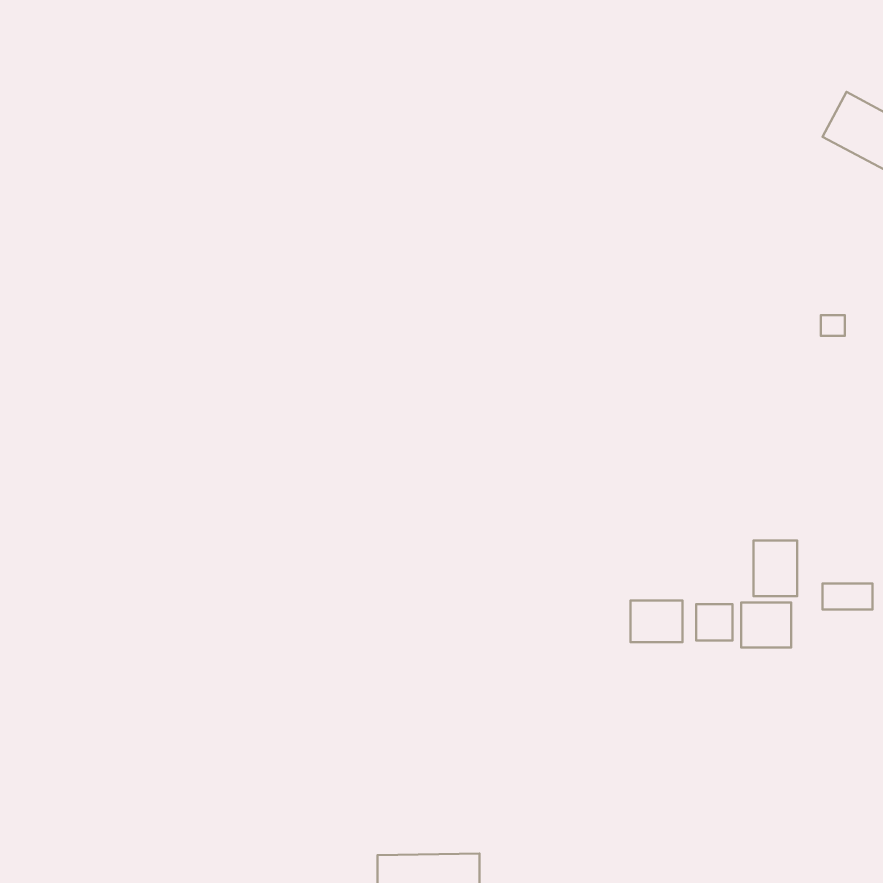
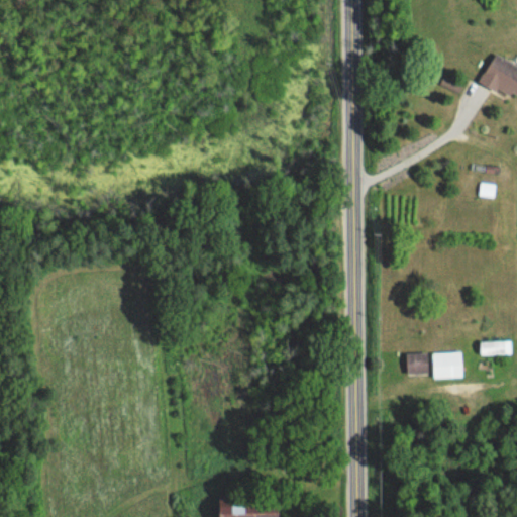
building: [753,541,797,596] -> none
building: [630,601,682,642] -> none

